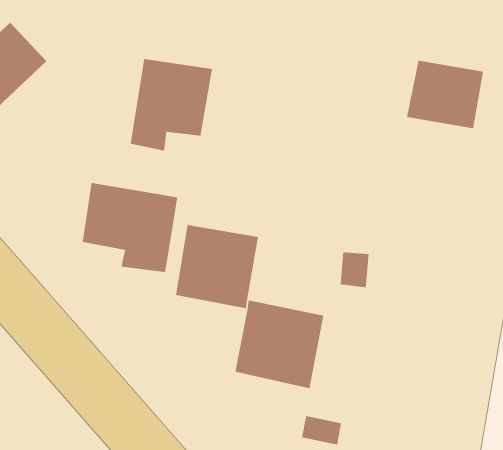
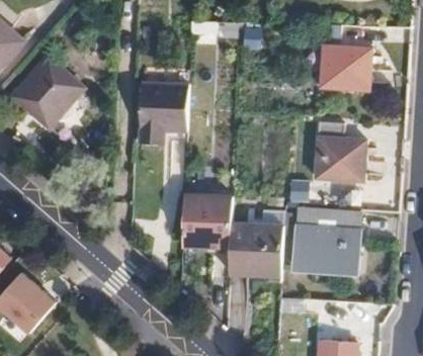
building: [82,182,178,273] -> none
building: none -> [316,140,364,182]
building: none -> [295,208,359,268]

